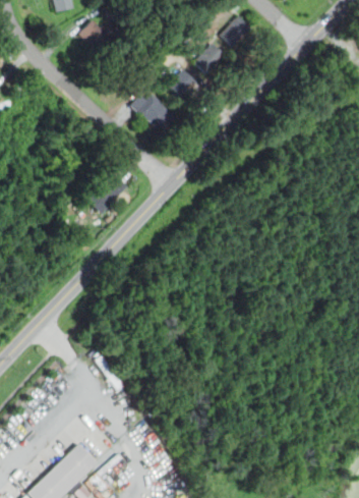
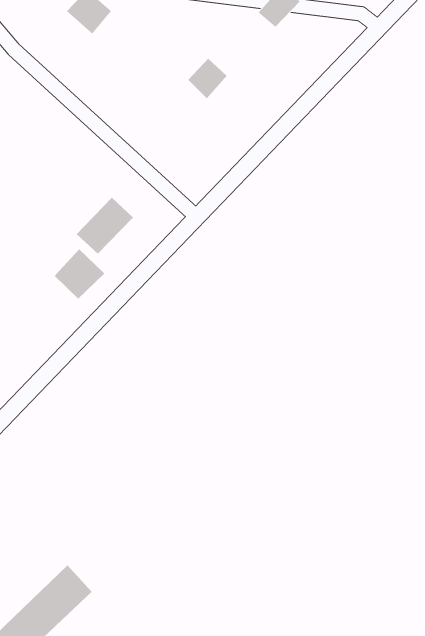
building: [192,42,226,74] -> none
building: [130,92,175,131] -> none
building: none -> [54,249,105,300]

